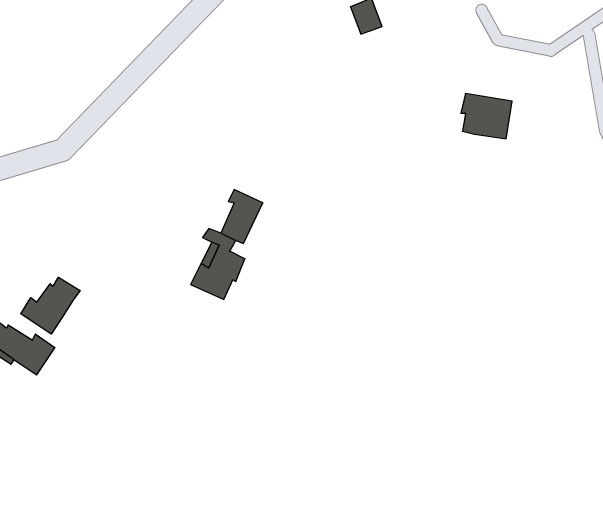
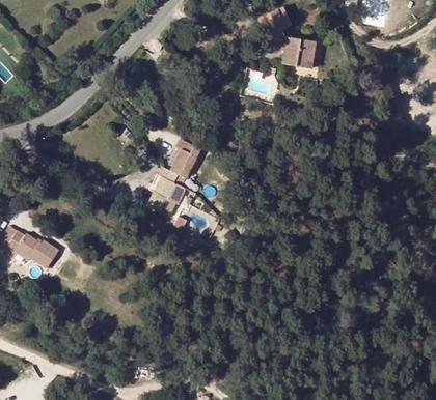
building: [461,94,512,139] -> [281,37,317,68]
building: [21,277,80,334] -> none

